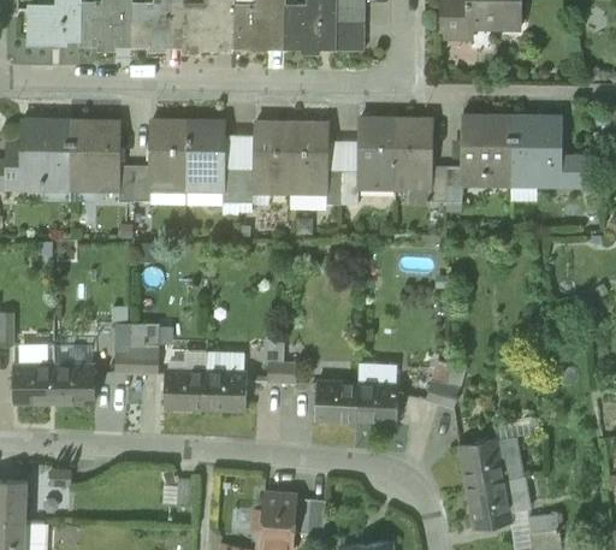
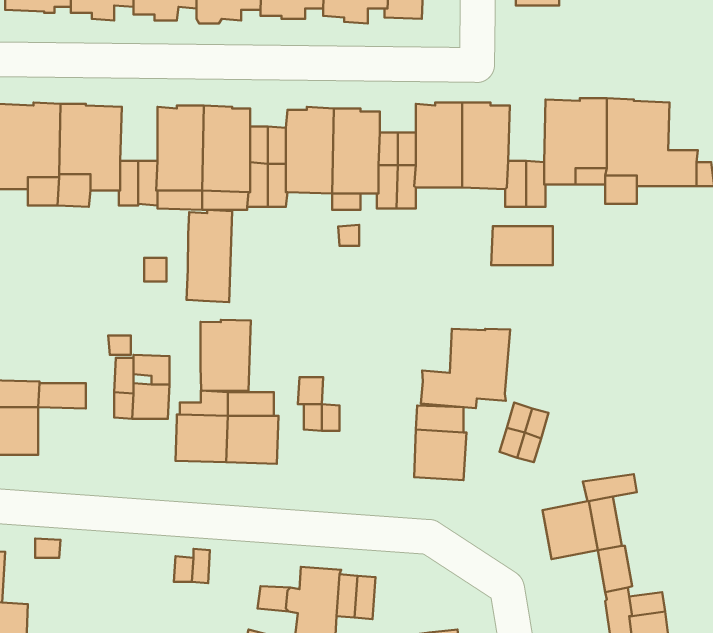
building: none -> [186,210,232,302]
building: none -> [491,226,553,265]
building: none -> [200,320,251,391]
building: none -> [421,329,510,408]
building: [53,363,95,402] -> none
building: [315,380,357,420] -> none
building: [467,479,511,526] -> none

